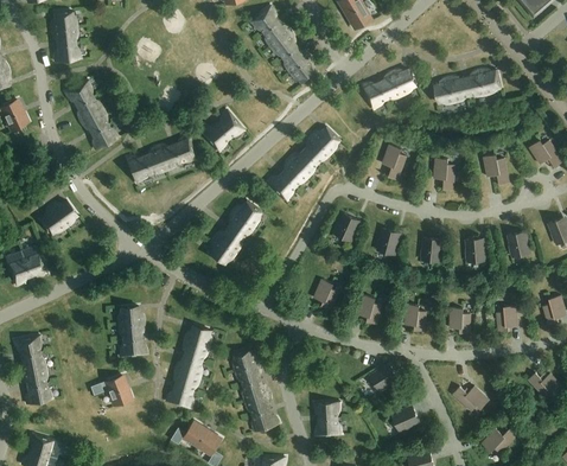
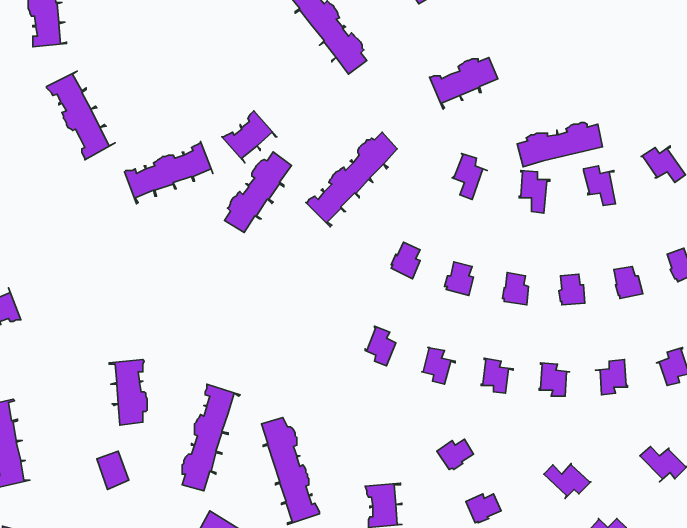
building: [434,70,501,104] -> [517,123,603,167]
building: [42,200,78,235] -> none
building: [210,202,262,264] -> [224,152,292,233]

